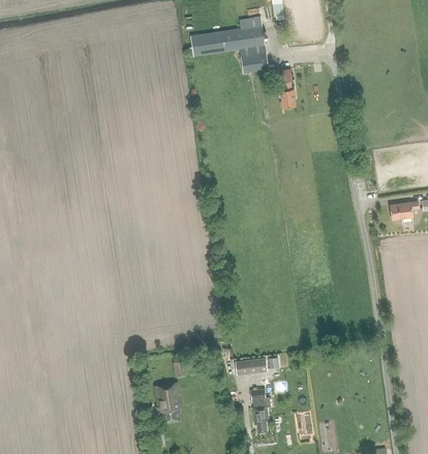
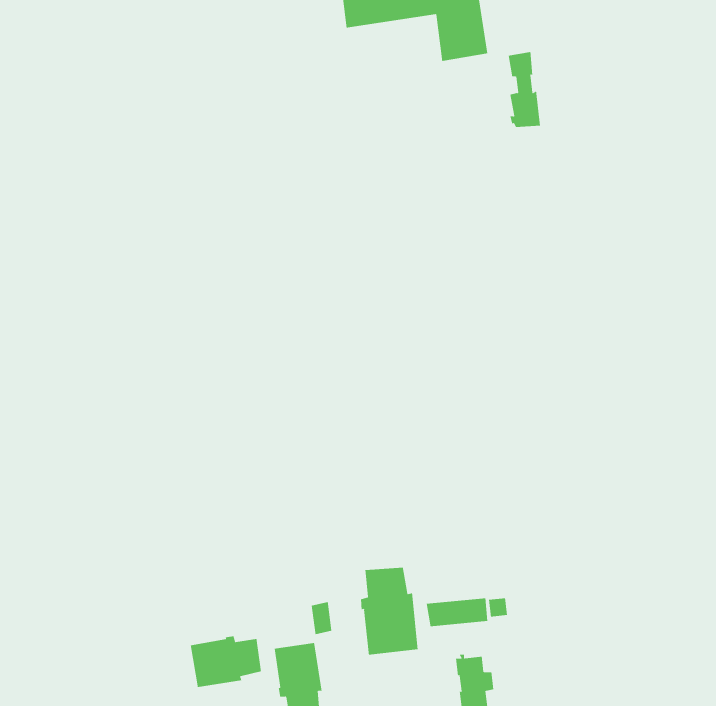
building: none -> [361,567,418,655]
building: none -> [190,636,261,688]

